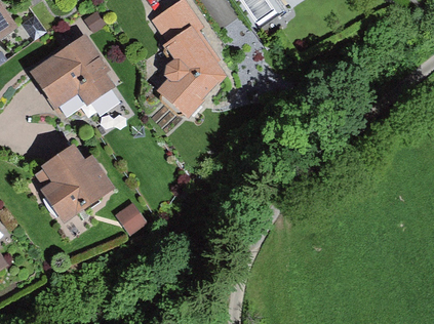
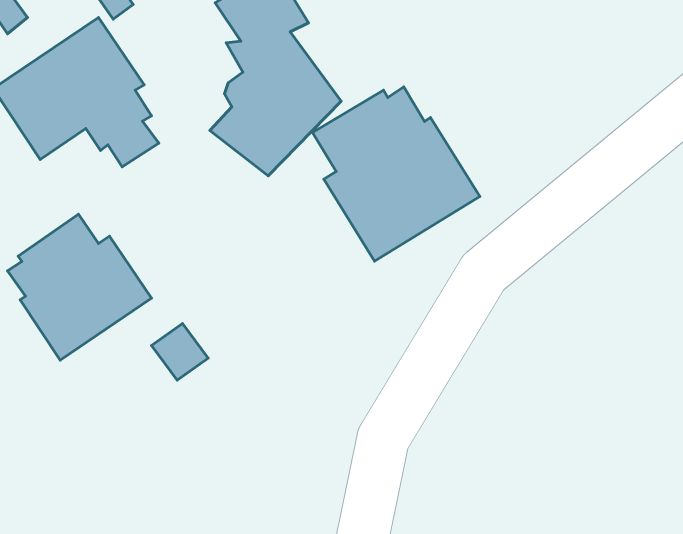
building: none -> [313,87,480,261]

